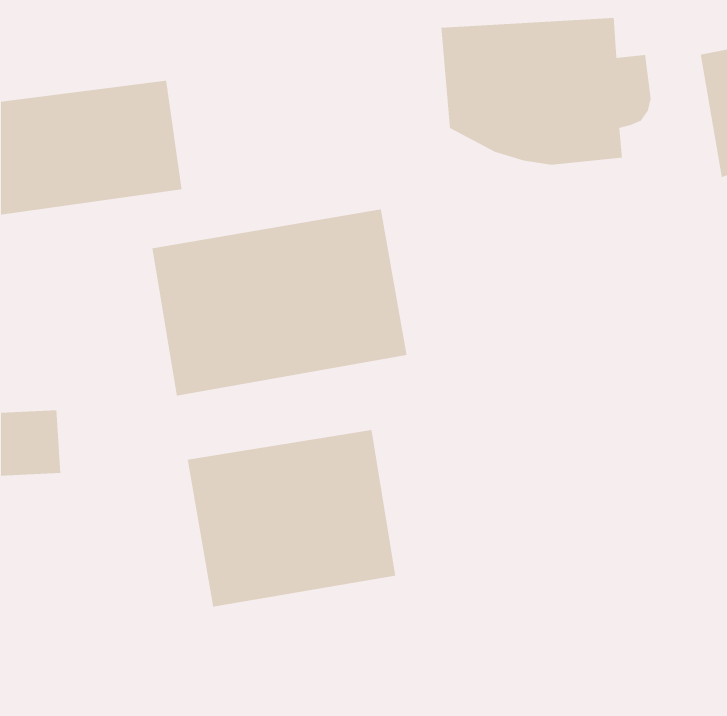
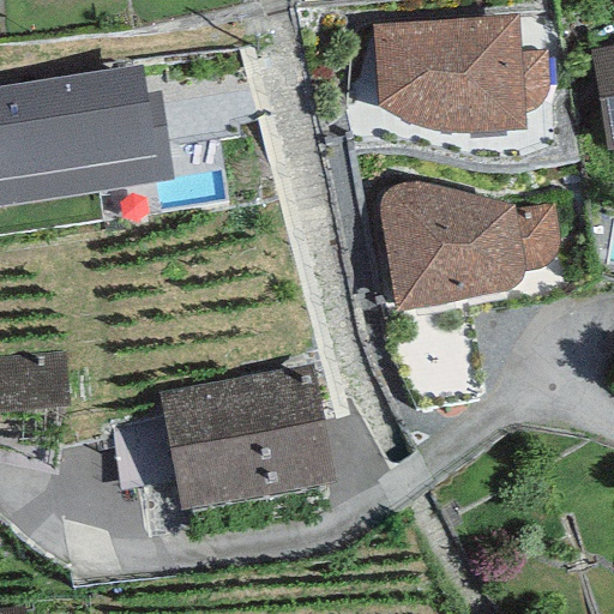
building: [151,209,407,396] -> none
building: none -> [379,179,559,312]

